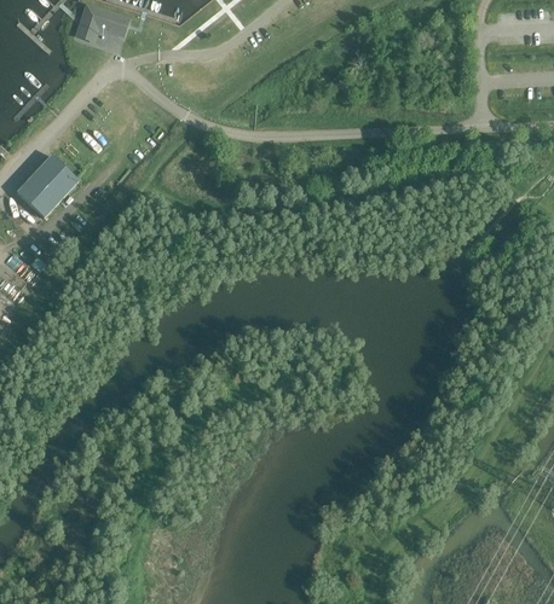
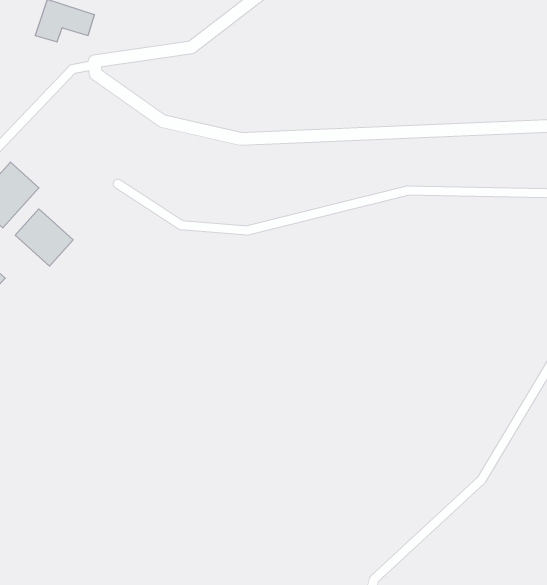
building: none -> [15,209,73,266]

